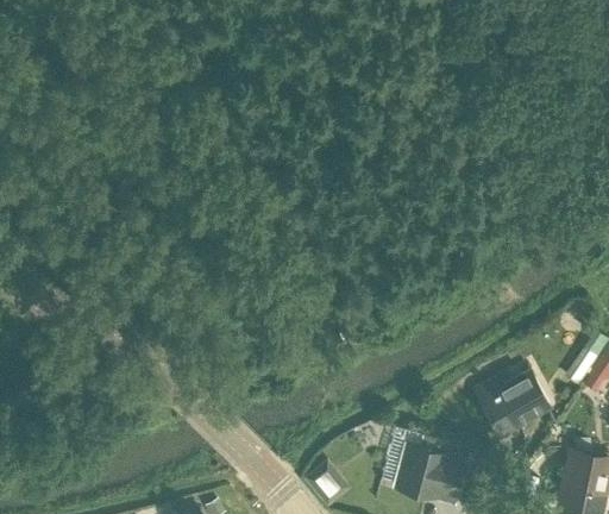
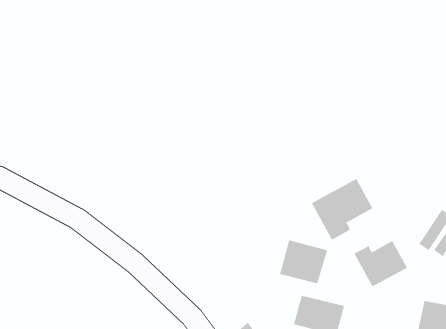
building: none -> [311,178,373,241]
building: none -> [280,239,328,284]

